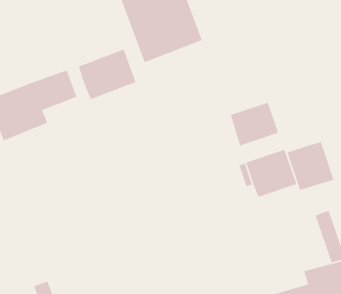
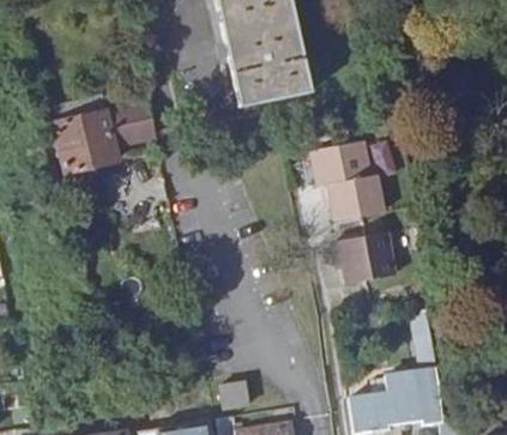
building: [78,48,136,100] -> none
building: none -> [312,139,369,183]
building: [287,141,334,191] -> none

